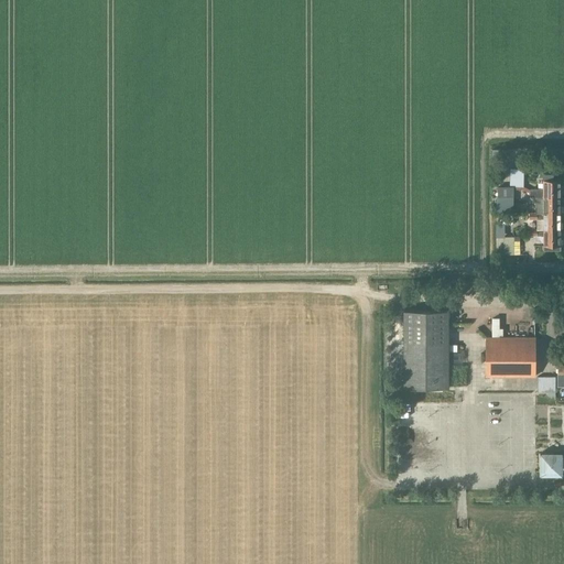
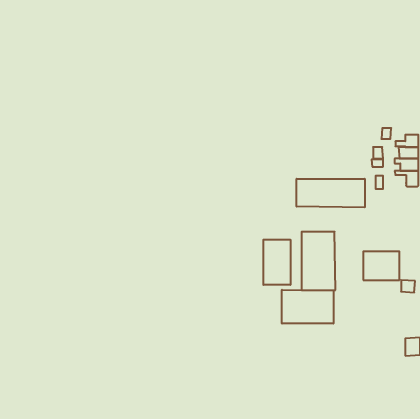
building: none -> [297,179,365,207]
building: none -> [263,240,290,285]
building: none -> [282,290,333,324]

